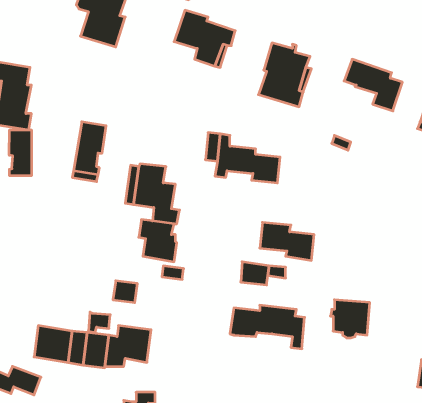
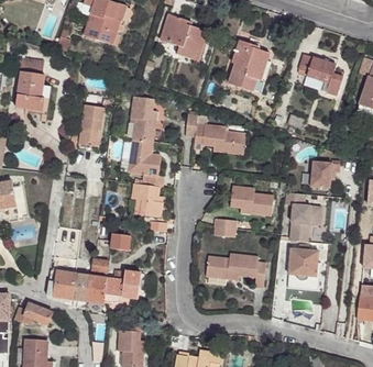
building: none -> [129,96,155,141]
building: [9,130,31,176] -> none
building: none -> [310,159,339,188]
building: none -> [284,192,320,242]

